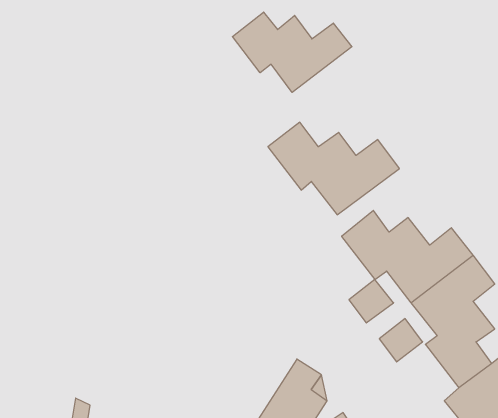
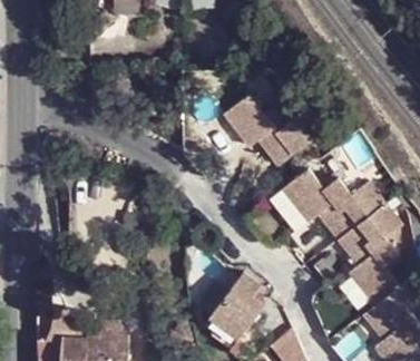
building: [232,12,352,92] -> none

